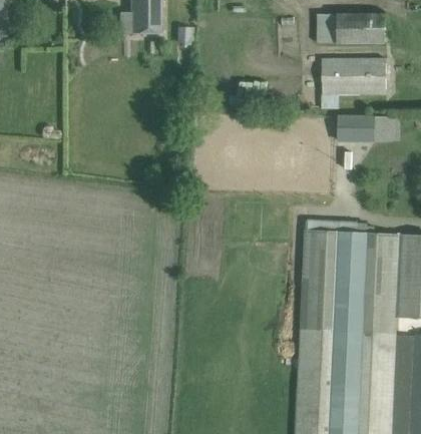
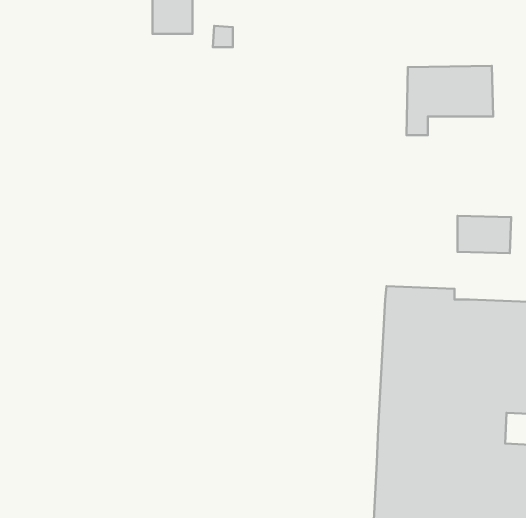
building: [317,14,387,44] -> none
building: [338,114,378,142] -> [458,216,511,253]

